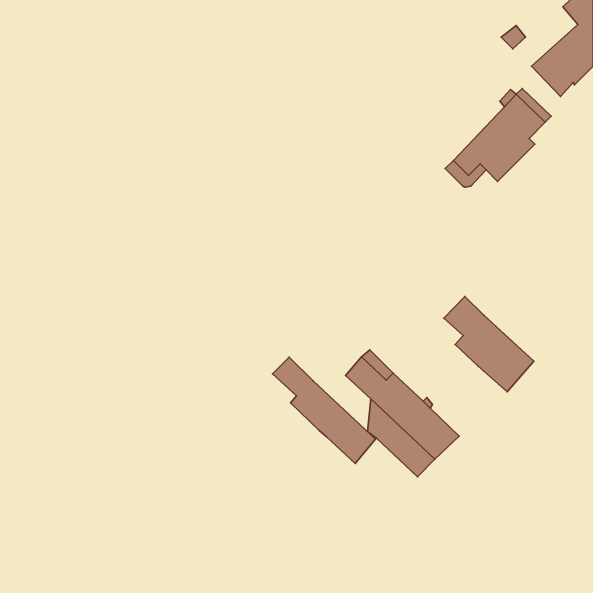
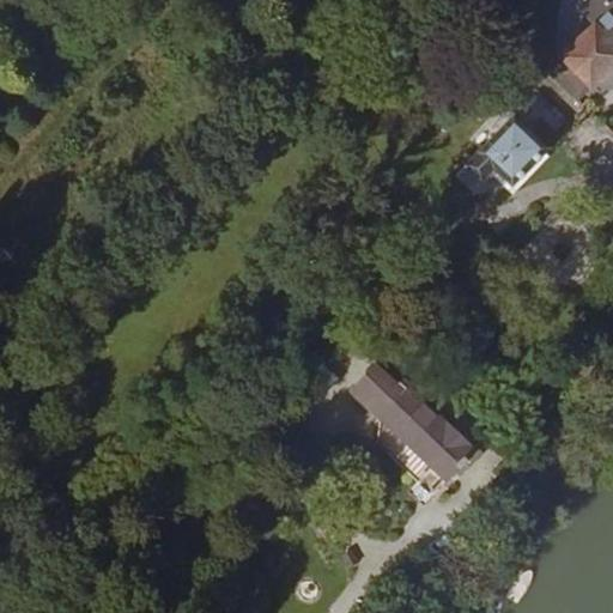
building: [444,297,534,392] -> none
building: [273,357,376,463] -> none

